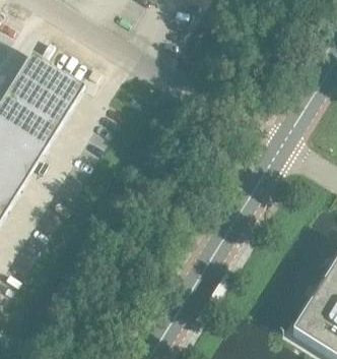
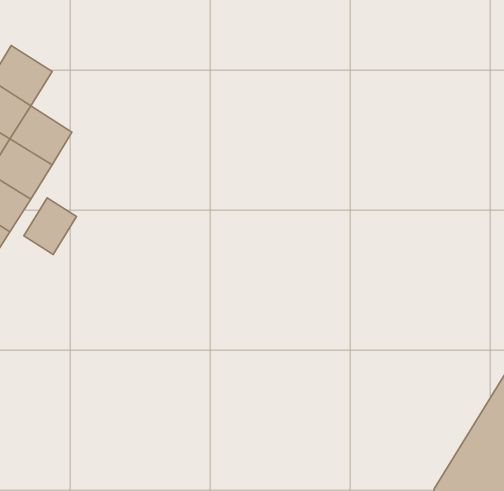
building: [42,72,81,110] -> none
building: none -> [24,198,77,255]

